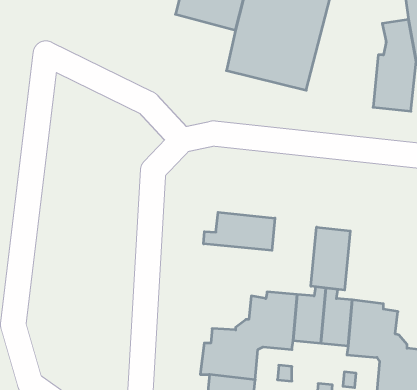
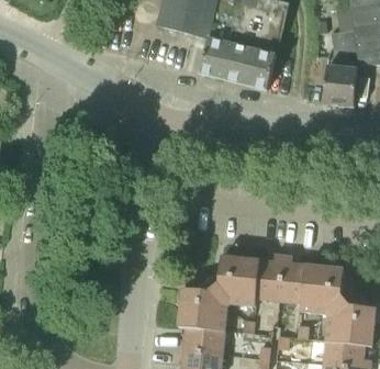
building: [204,212,275,250] -> none
building: [311,227,350,290] -> none

